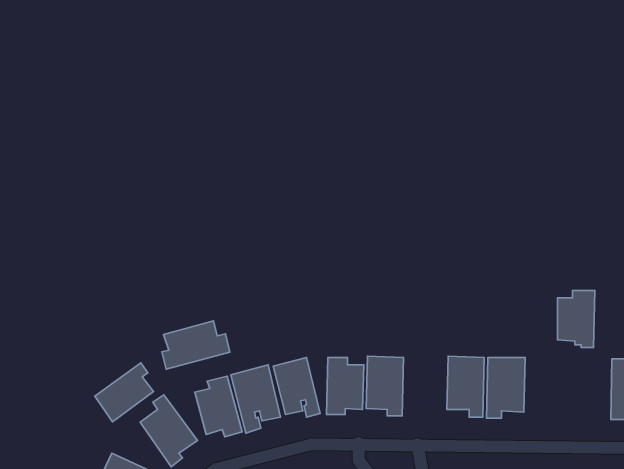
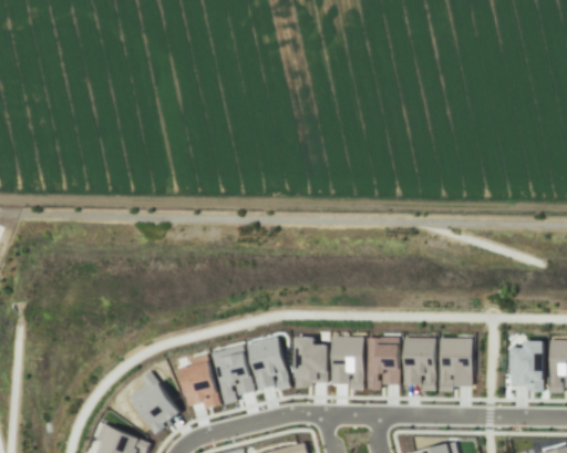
building: [557,290,595,347] -> [511,341,544,392]
building: [162,321,230,369] -> none
building: none -> [367,338,400,390]
building: [95,363,154,422] -> none

